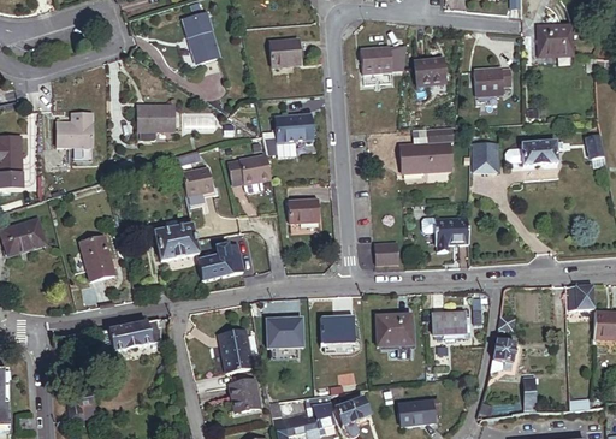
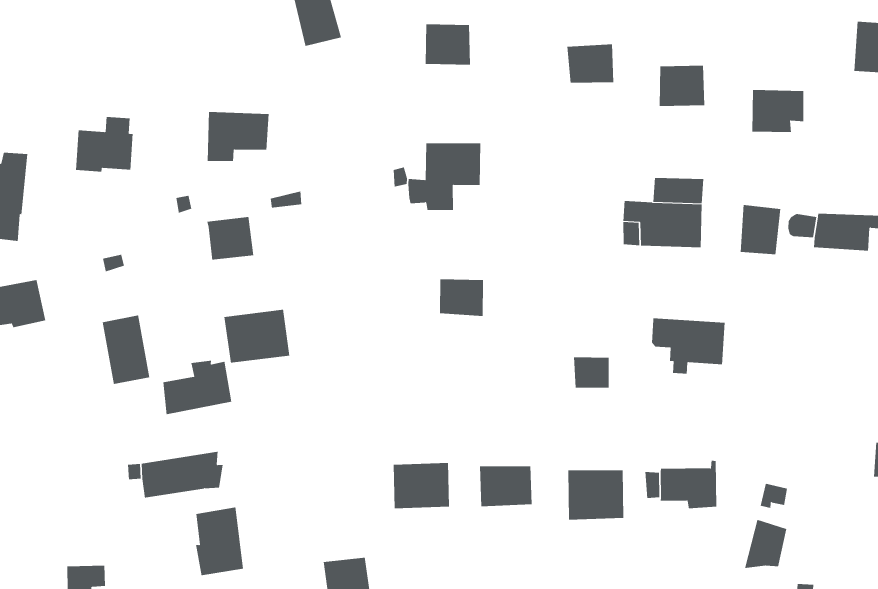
building: [226,152,270,191] -> none
building: [182,166,213,195] -> [206,217,254,260]
building: [199,245,243,281] -> [162,360,232,415]
building: [219,327,251,372] -> [195,507,244,576]

